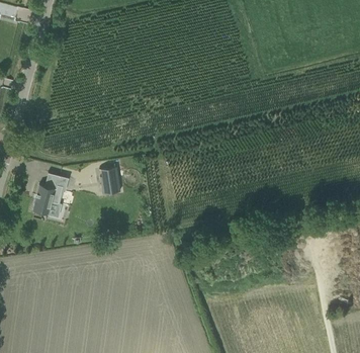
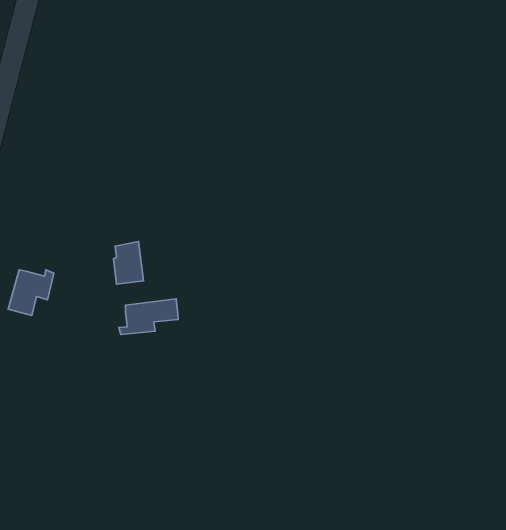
building: none -> [119,299,178,334]

